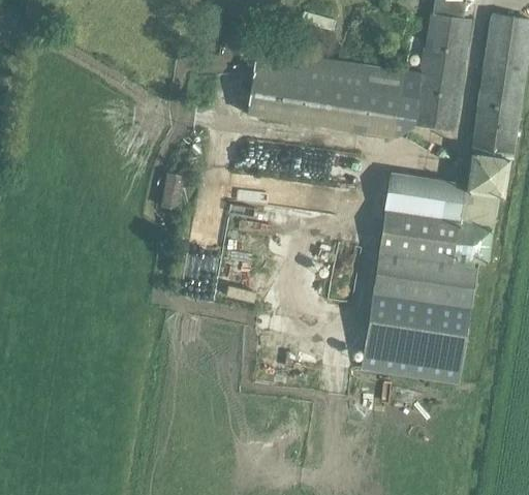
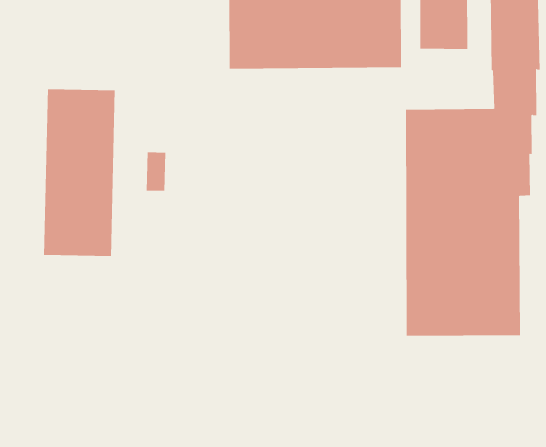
building: none -> [44,89,115,257]

